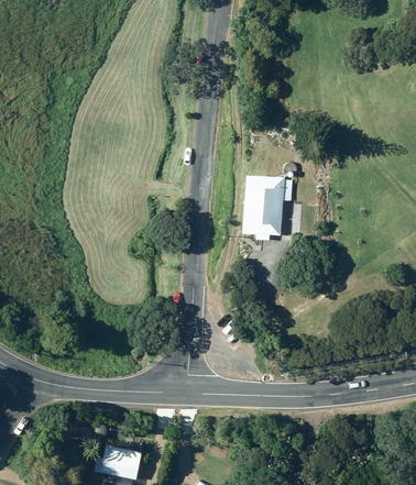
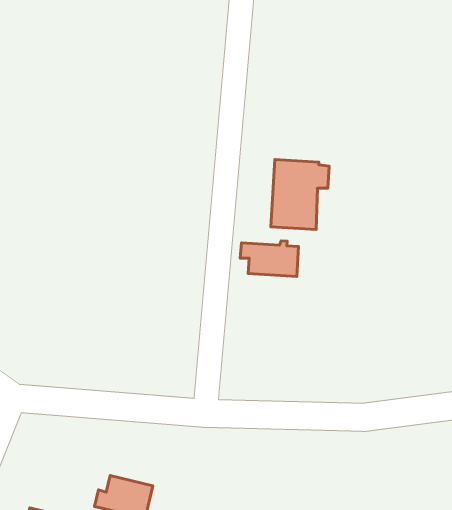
building: none -> [240,241,299,276]

